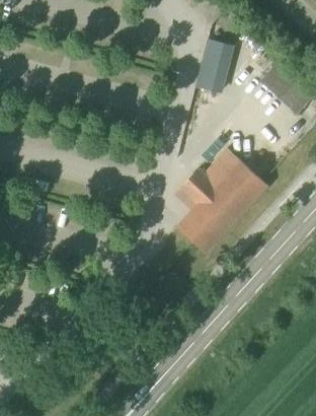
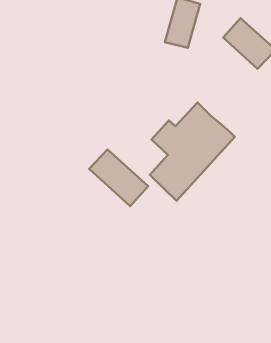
building: none -> [89,149,148,206]

